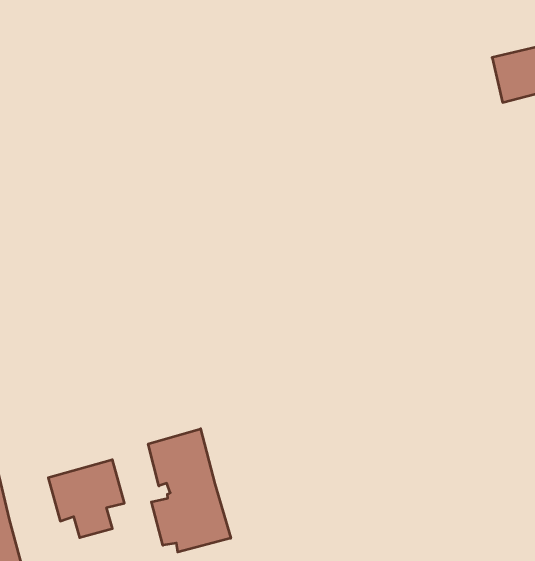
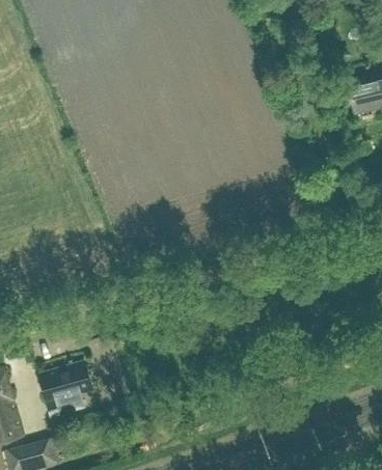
building: [148,429,231,552] -> none

